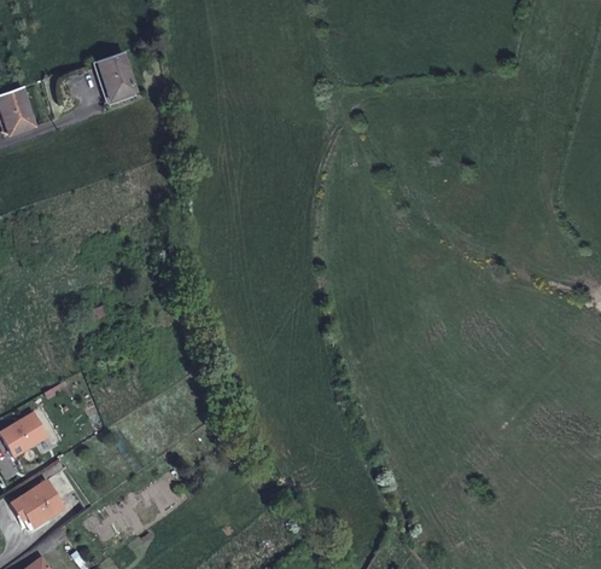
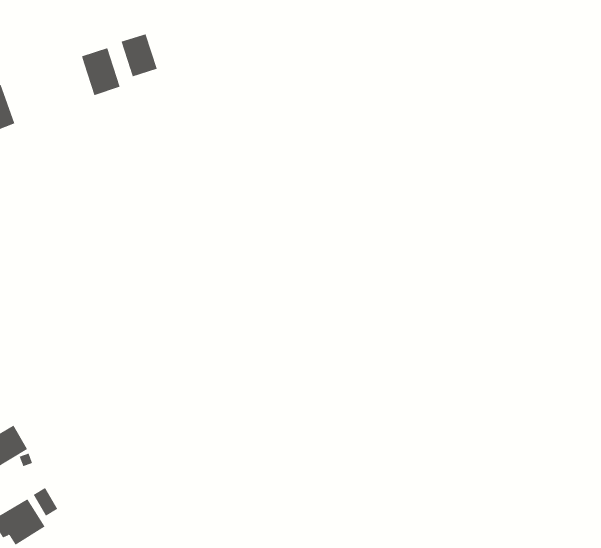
building: none -> [121,33,158,77]

